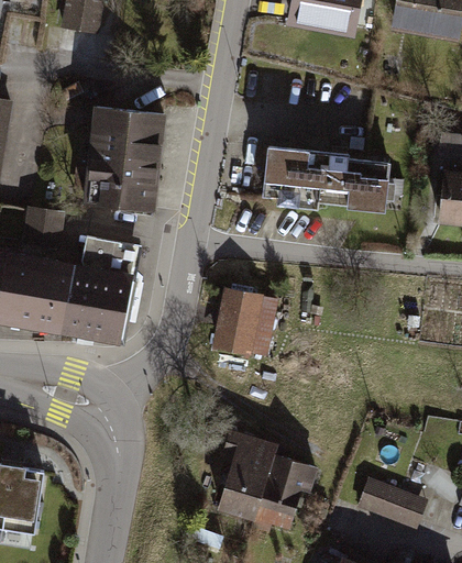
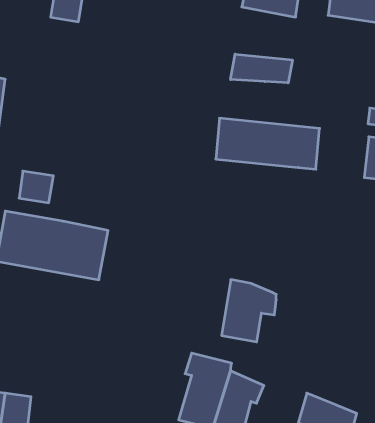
building: none -> [231,54,292,83]
building: [82,109,161,212] -> none
building: [79,238,140,283] -> none
building: [215,285,279,358] -> [222,280,276,342]

